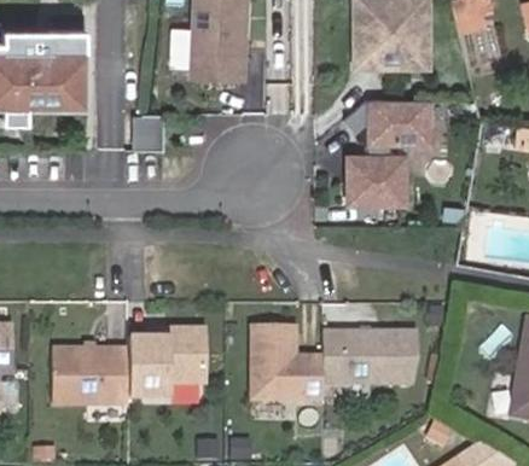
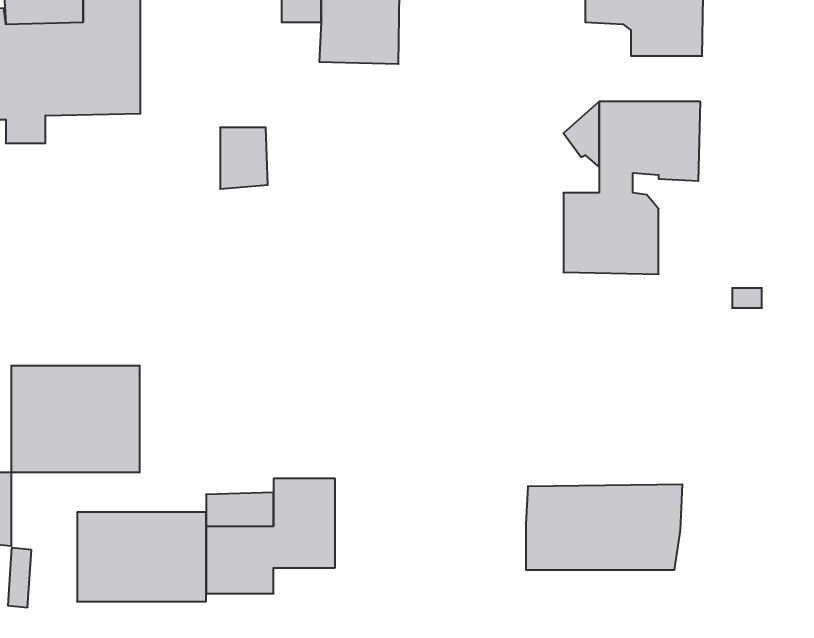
building: none -> [12,365,139,473]
building: [251,321,321,403] -> none

